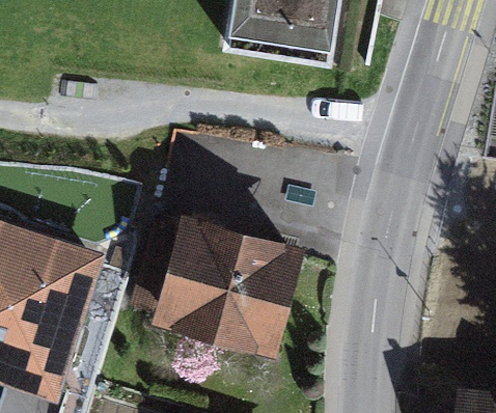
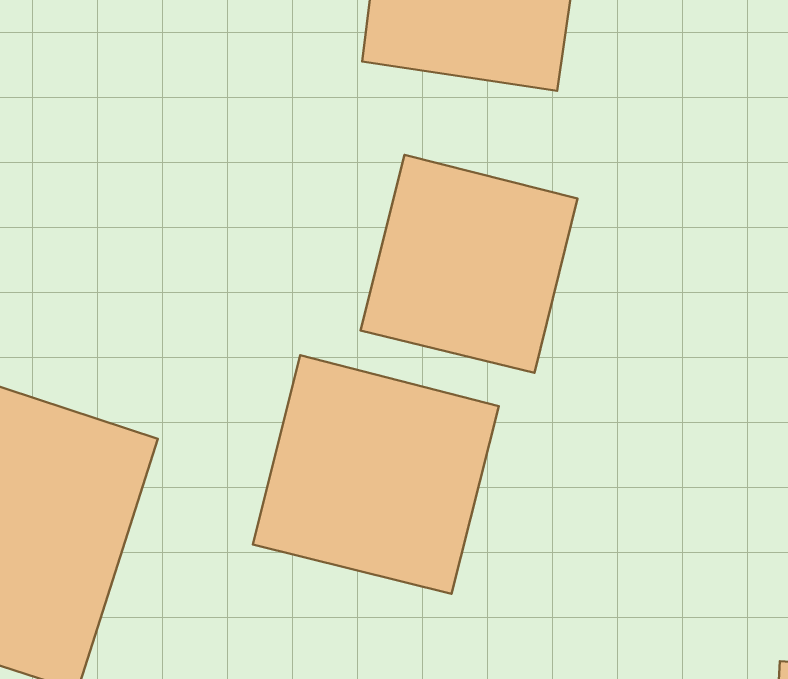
building: none -> [360,155,578,373]

